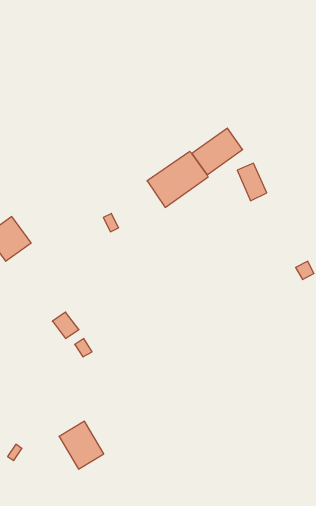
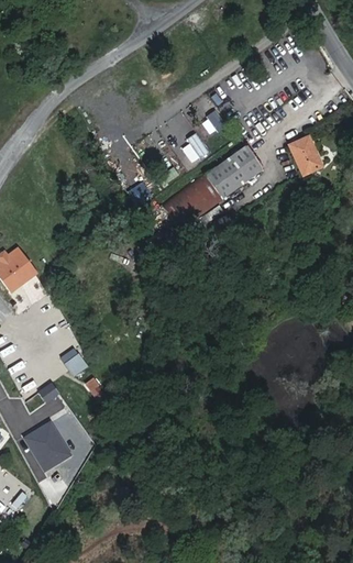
building: [237,163,267,201] -> [290,139,322,179]
building: [59,421,104,469] -> [21,418,69,470]

